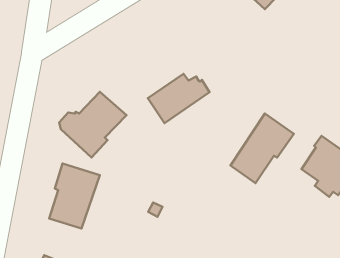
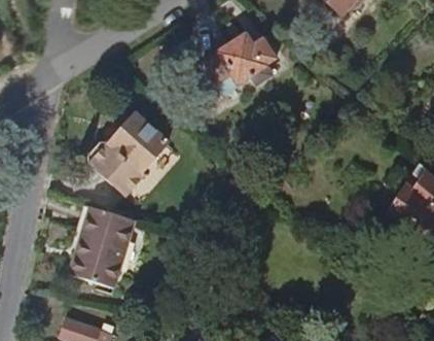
building: [148,74,209,123] -> [203,33,279,94]
building: [230,114,294,183] -> none

